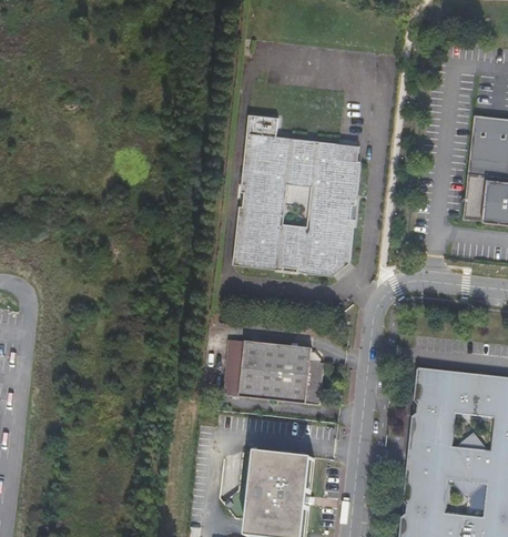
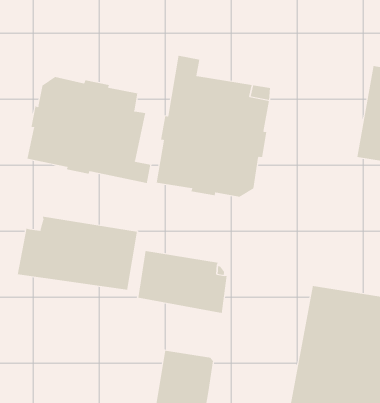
building: none -> [27,76,151,184]
building: none -> [17,216,137,291]

